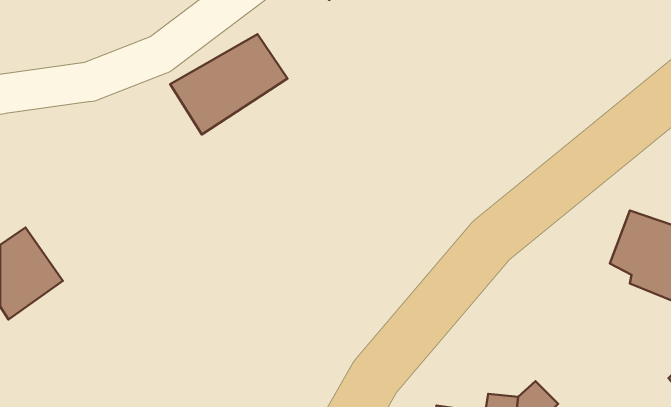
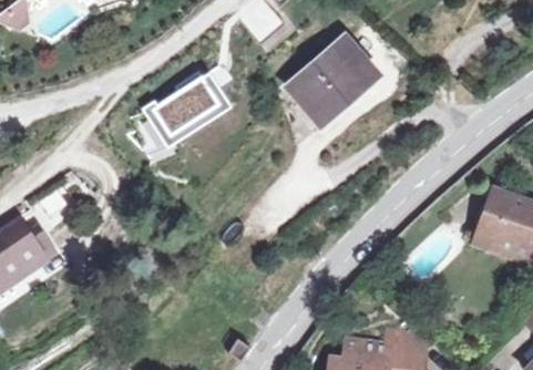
building: none -> [300,45,382,123]

